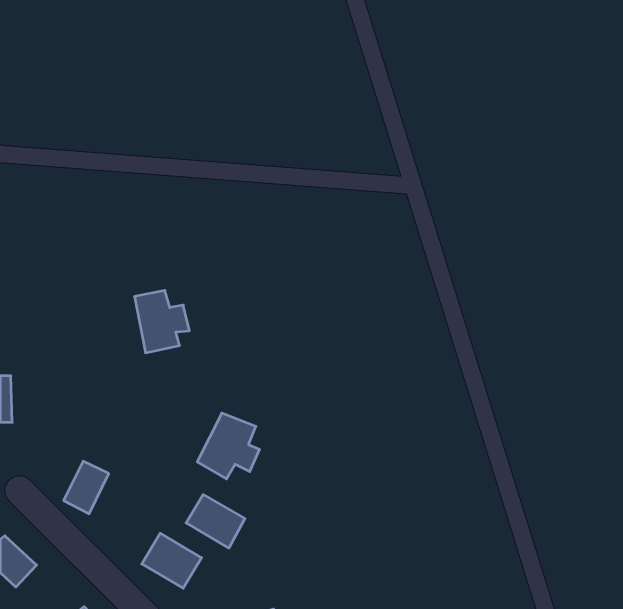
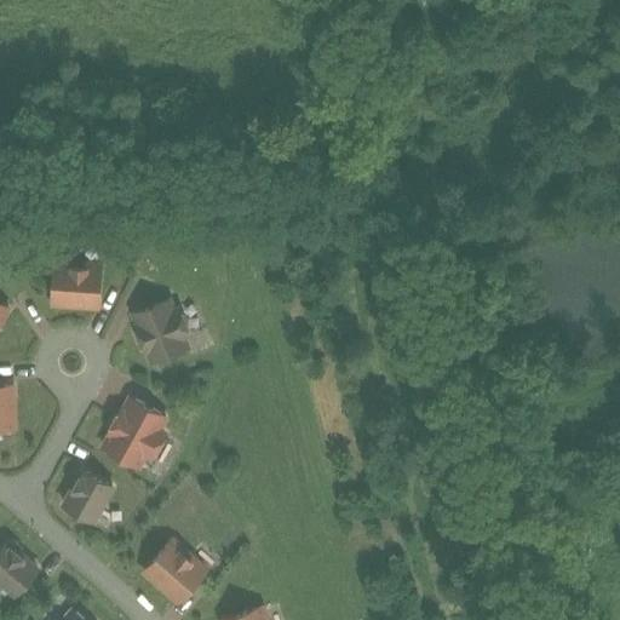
building: none -> [51,268,98,309]
building: [197,413,260,479] -> [104,401,166,466]
building: [186,495,245,548] -> none

